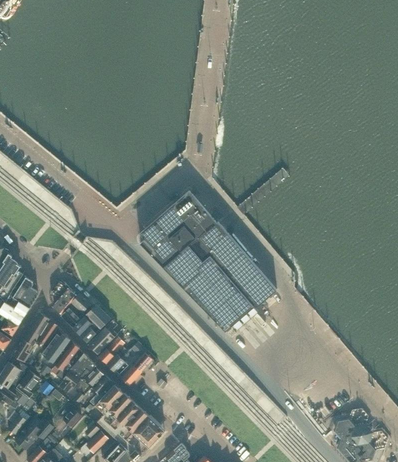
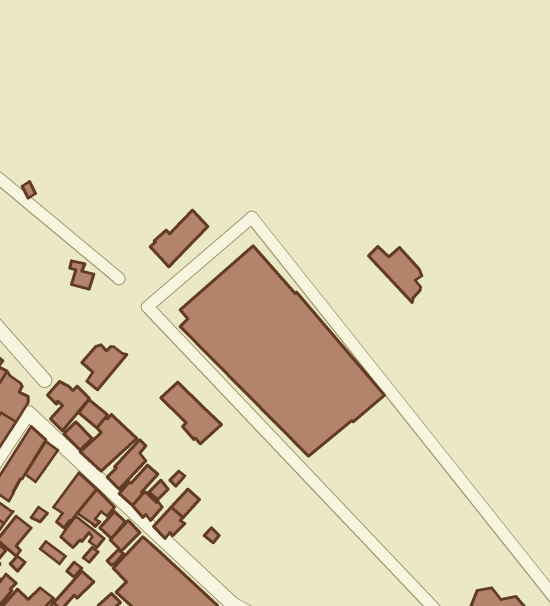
building: none -> [150,210,208,267]
building: none -> [369,247,422,303]
building: none -> [82,345,127,390]
building: none -> [161,382,221,444]
building: [40,331,71,363] -> none

